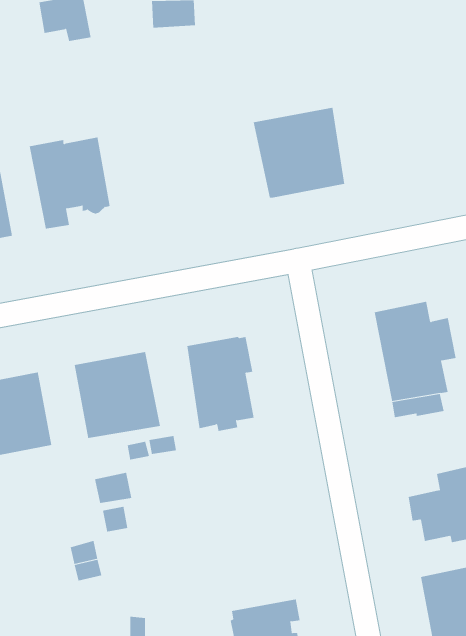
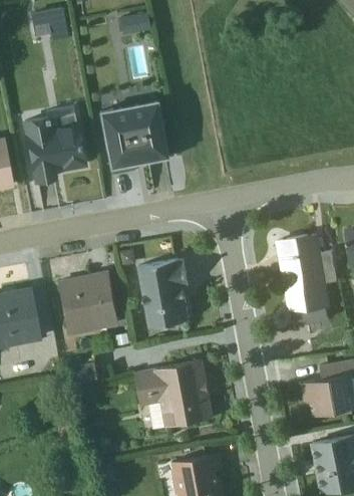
building: [253,107,345,198] -> [97,100,165,168]
building: none -> [135,360,215,431]

